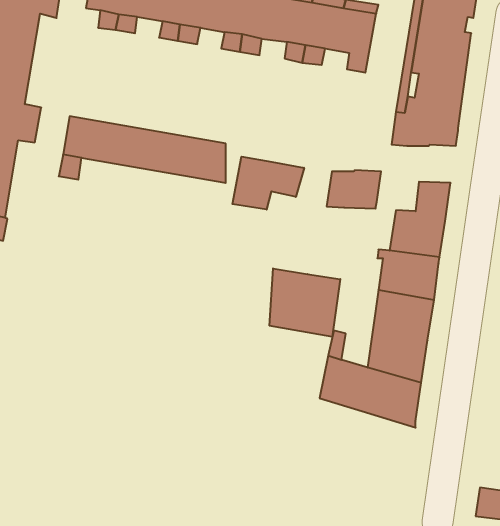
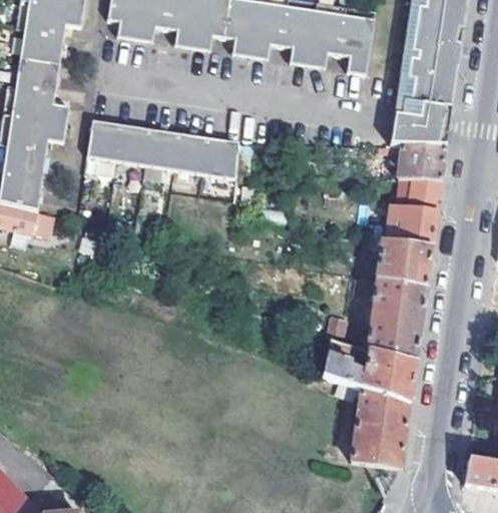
building: [232,157,304,210] -> none
building: [327,170,381,209] -> [397,144,447,179]
building: [270,268,340,337] -> none
building: none -> [351,389,410,467]

